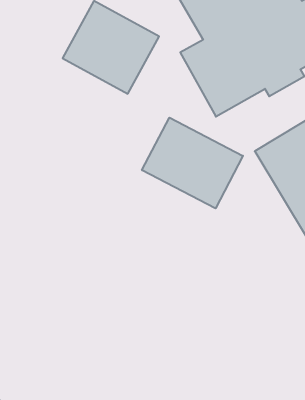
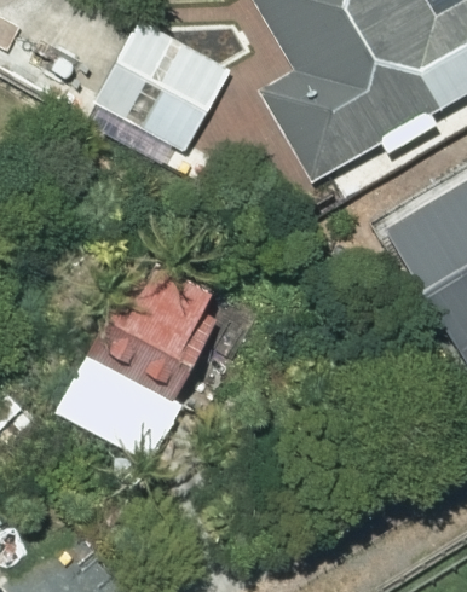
building: [142,118,243,208] -> none
building: none -> [60,267,219,477]

